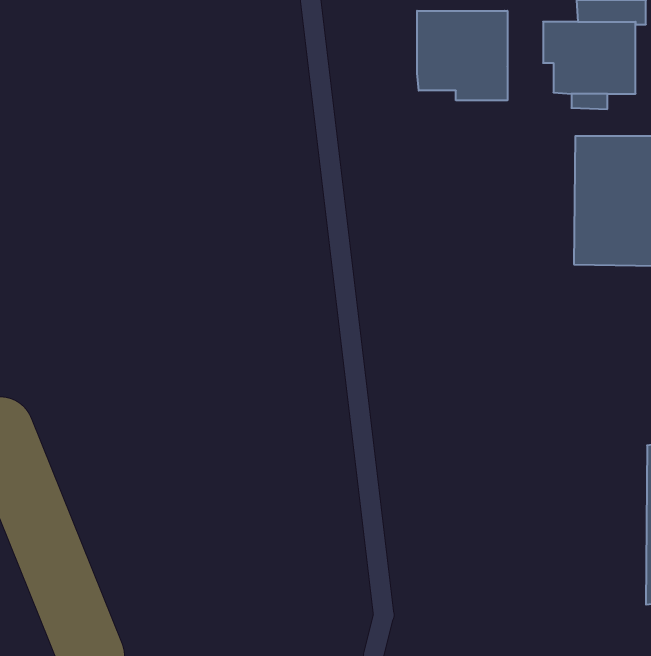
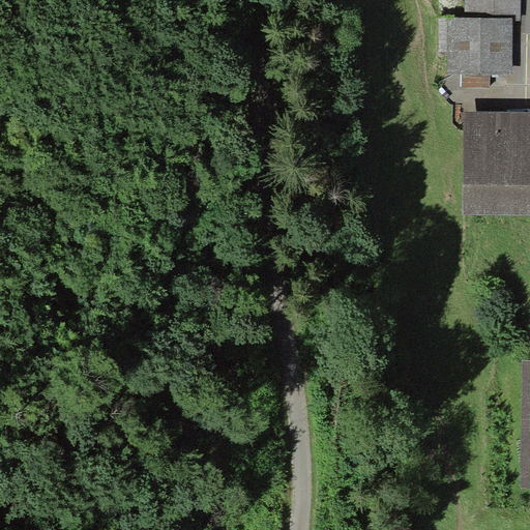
building: [417,11,507,100] -> none

